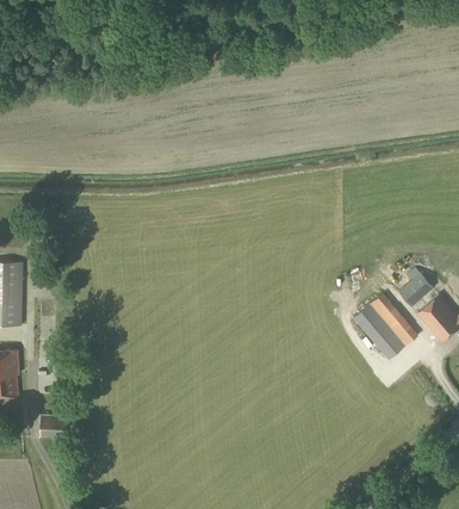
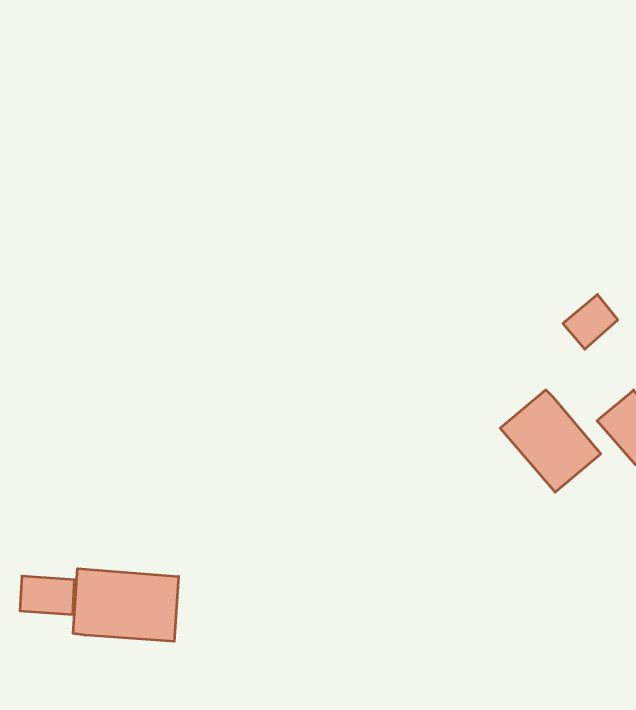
building: [397,271,433,306] -> [563,294,618,349]
building: none -> [73,569,179,641]

